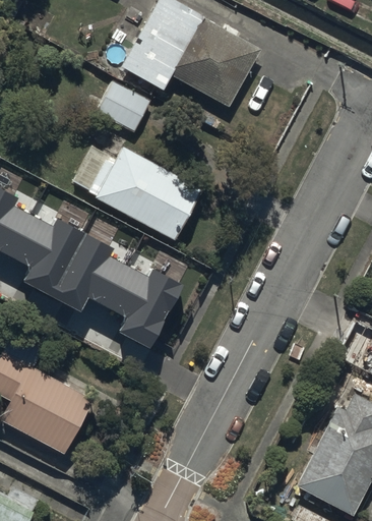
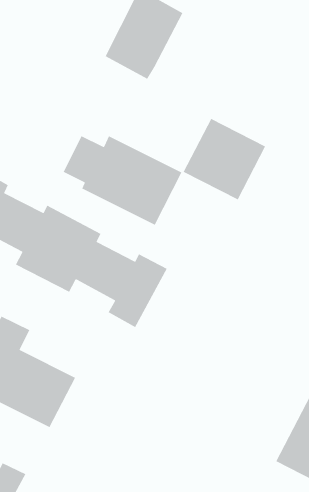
building: [173,18,260,105] -> [182,118,266,201]
building: [99,81,151,131] -> none

